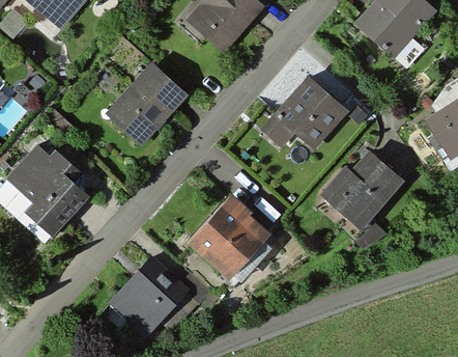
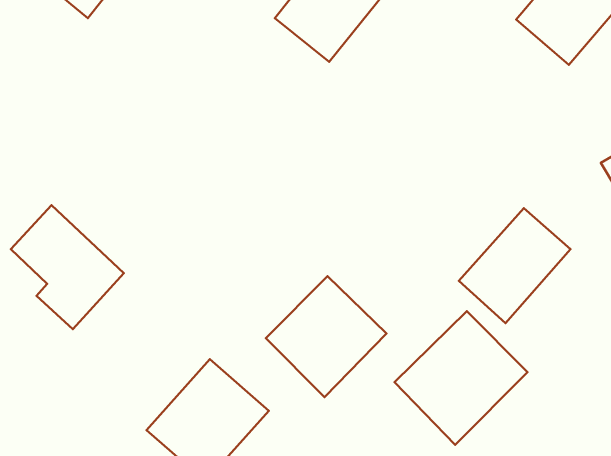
building: [114,64,191,146] -> none
building: [275,75,346,146] -> none
building: none -> [394,311,528,445]

